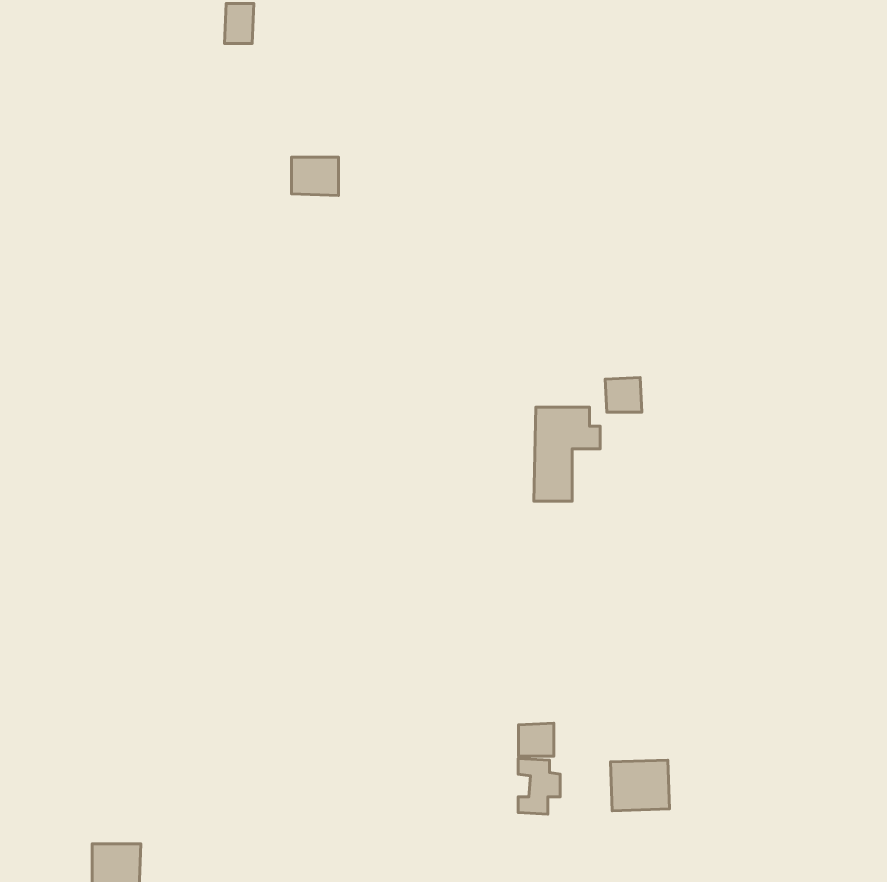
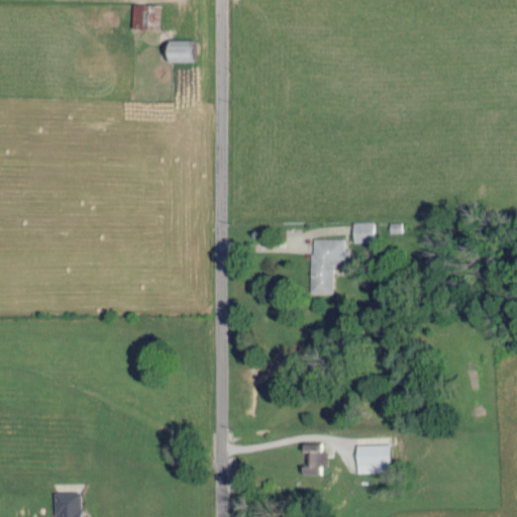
building: [292,157,339,195] -> [167,41,194,64]
building: [518,723,554,756] -> none

